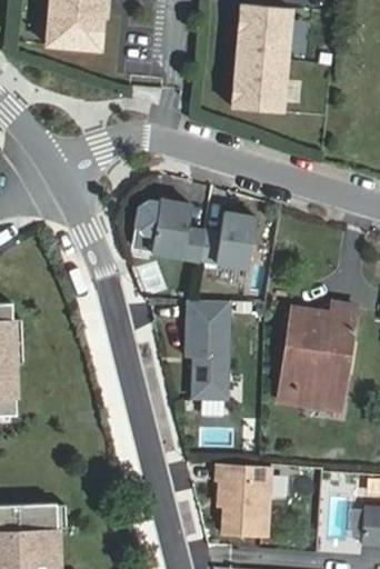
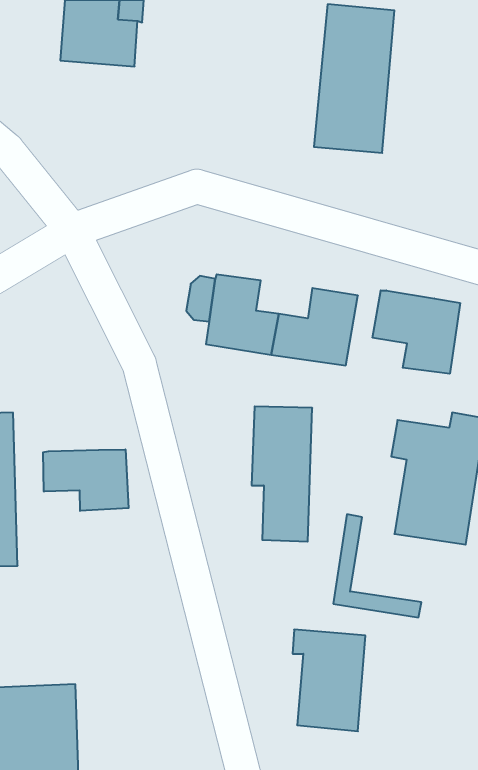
building: none -> [373,290,460,374]
building: none -> [43,449,129,511]
building: [278,336,342,411] -> [333,514,421,617]

